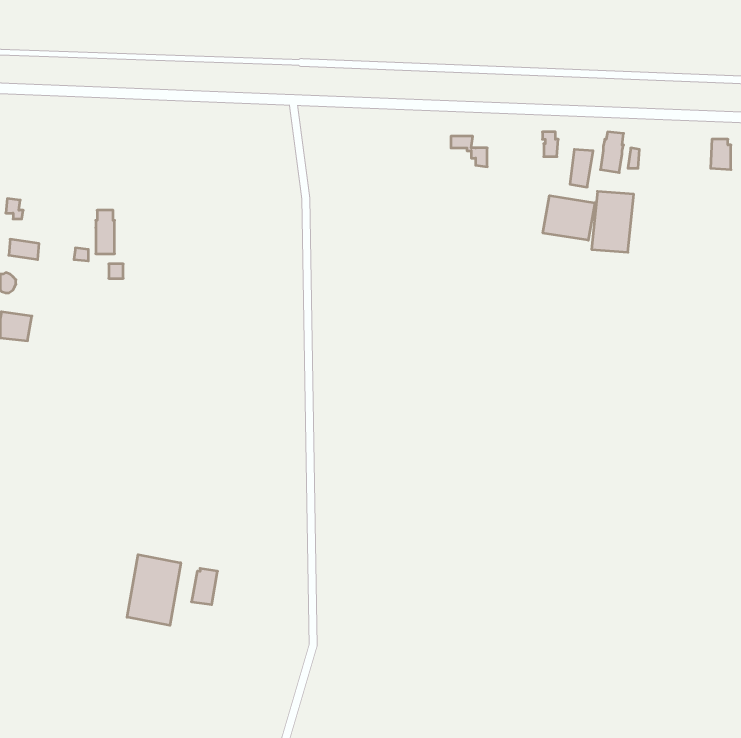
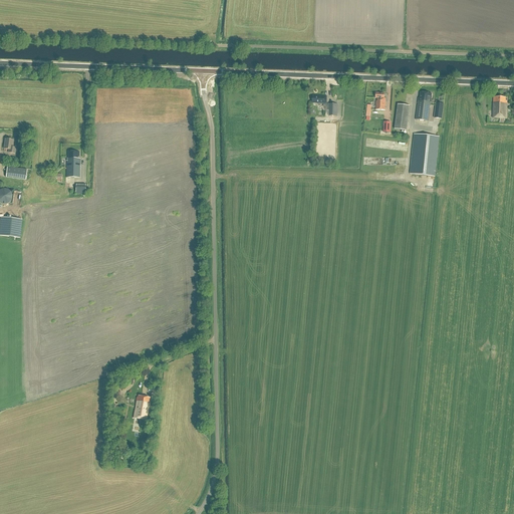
building: [543,196,595,240] -> none
building: [127,555,181,625] -> none

